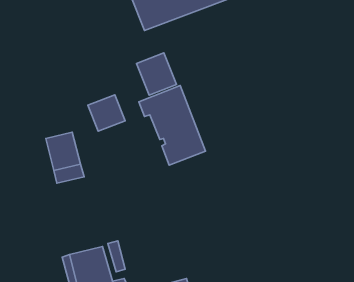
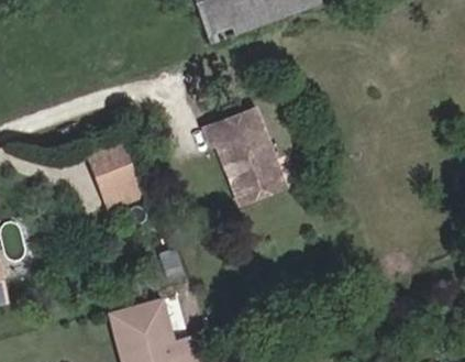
building: [136,53,177,95] -> none
building: [88,95,125,131] -> none

